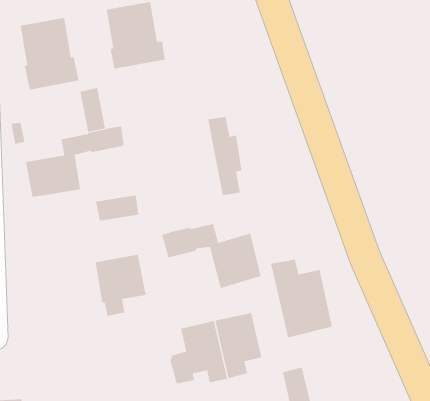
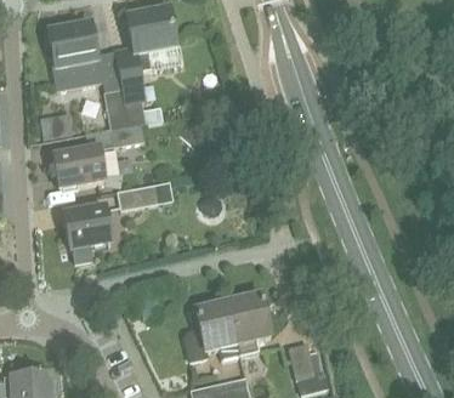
building: [208,116,242,196] -> [113,50,144,123]
building: [161,223,261,289] -> none
building: [95,254,147,316] -> [63,203,110,260]
building: [271,259,333,338] -> none

